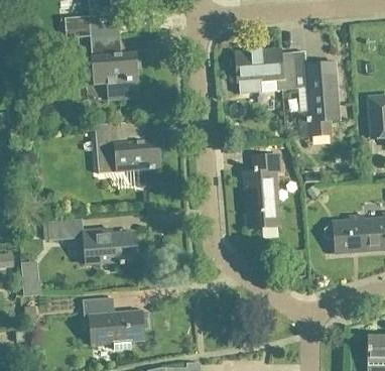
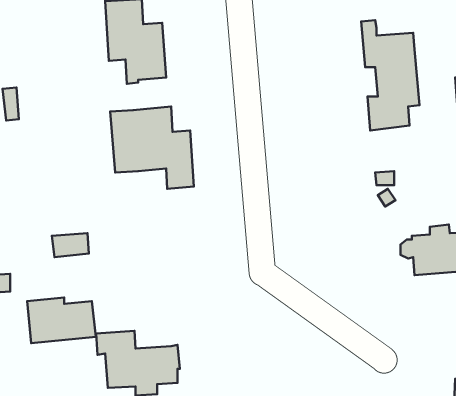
building: [236,48,296,94] -> none
building: [245,153,280,228] -> none
building: [83,228,137,264] -> [27,298,96,343]

